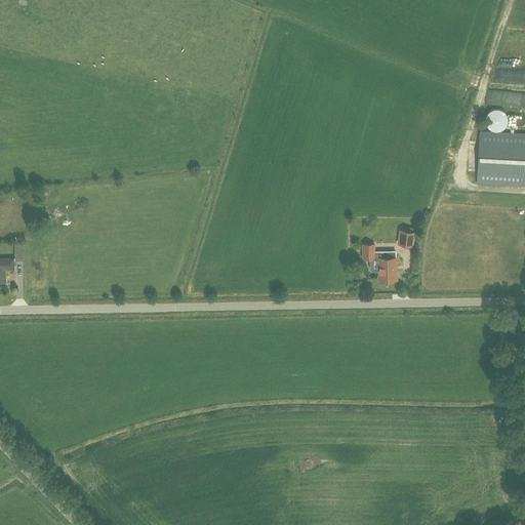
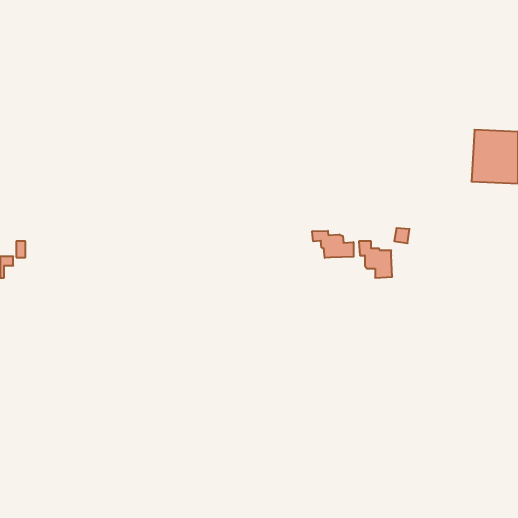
building: none -> [312,231,354,258]

